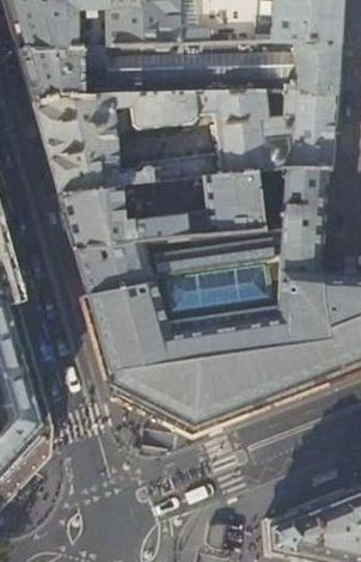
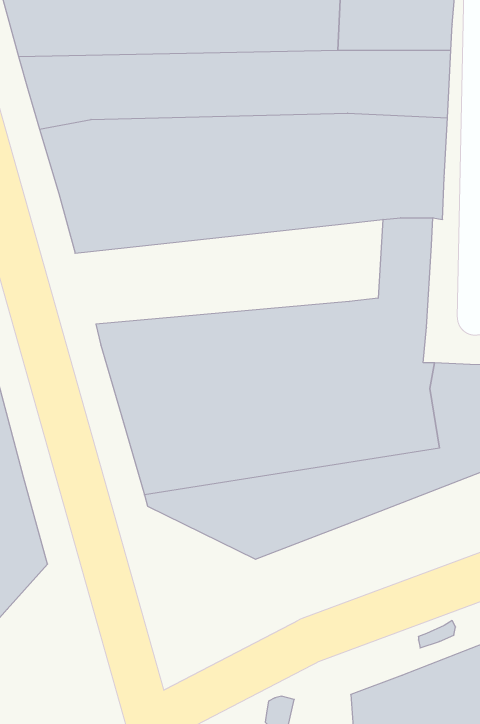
building: [60,172,263,246] -> none

